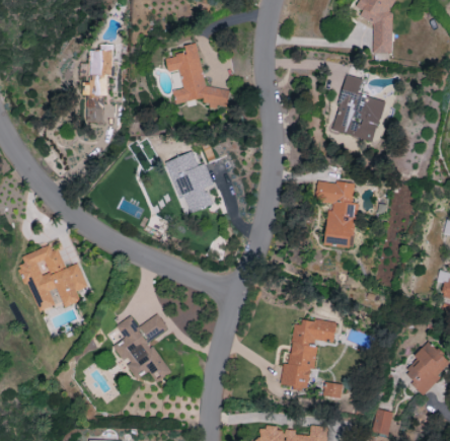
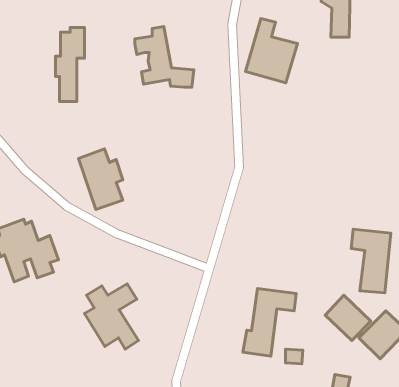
building: [330,74,385,142] -> [245,18,298,83]
building: [165,151,212,215] -> [78,149,123,210]
building: [315,180,357,247] -> [351,229,391,293]
building: none -> [325,295,371,340]

